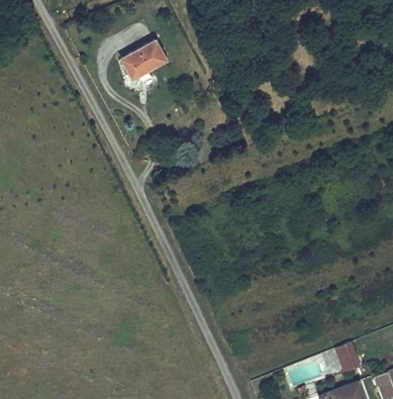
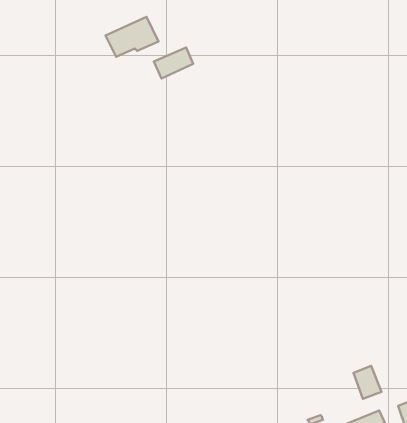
building: none -> [154,48,193,78]

